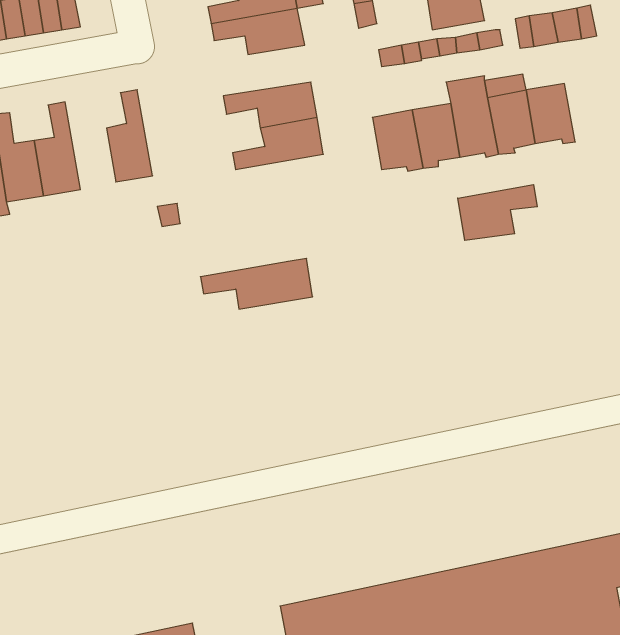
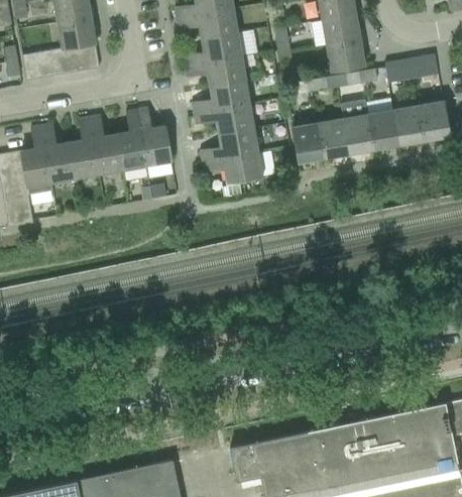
building: none -> [192,80,251,113]
building: none -> [418,100,449,143]
building: none -> [137,107,171,165]
building: none -> [90,115,123,174]
building: [458,185,537,240] -> none
building: [200,258,313,309] -> [202,149,275,182]

